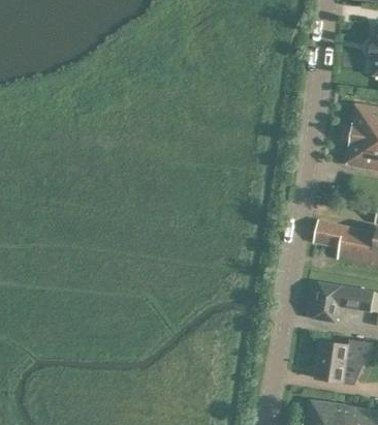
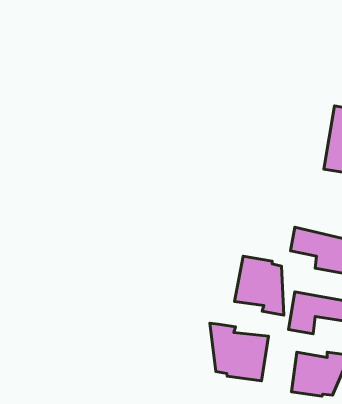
building: none -> [235,256,284,315]
building: none -> [210,323,268,381]

